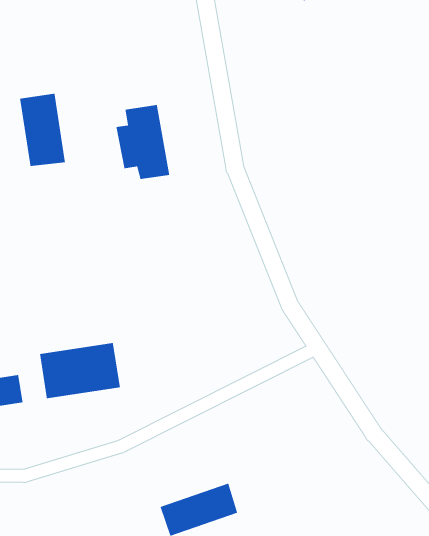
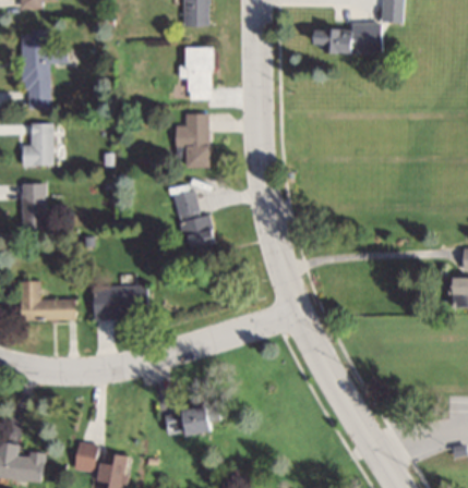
building: [19,93,66,167] -> [187,47,214,100]
building: none -> [175,190,219,254]

